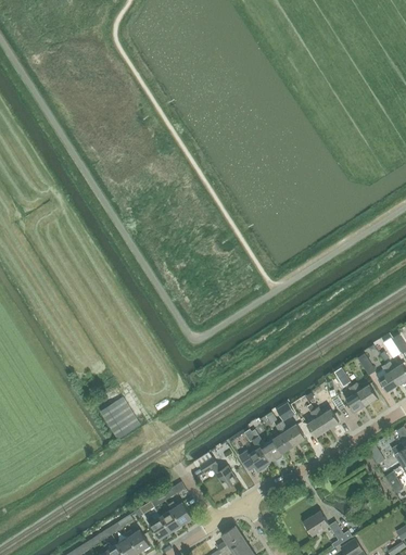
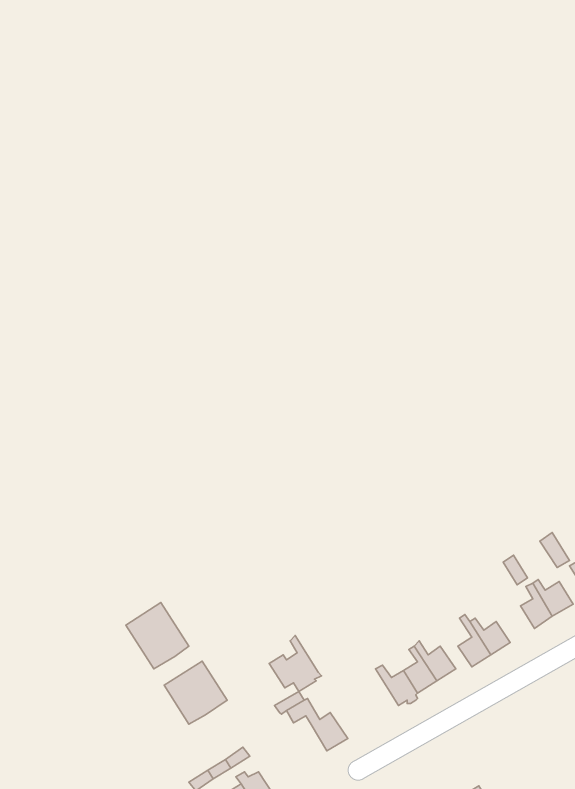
building: none -> [164,661,227,724]
building: [239,439,271,474] -> [269,636,322,691]

